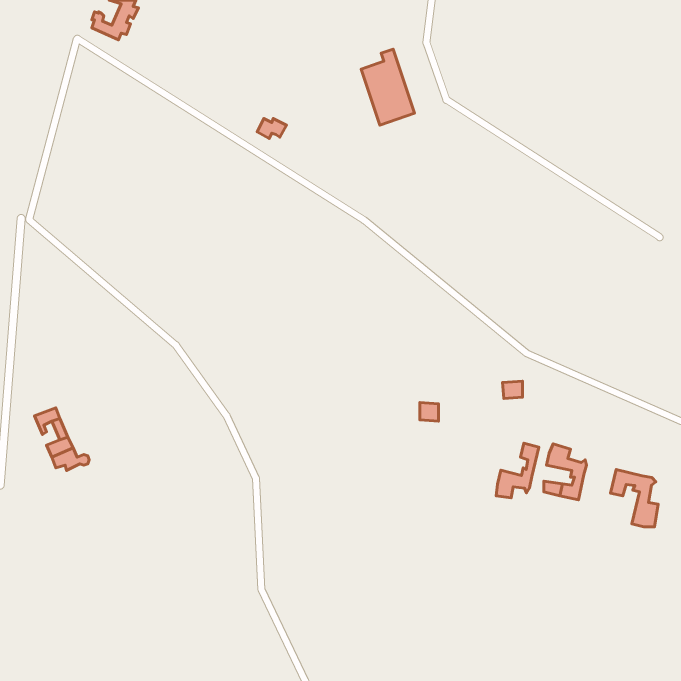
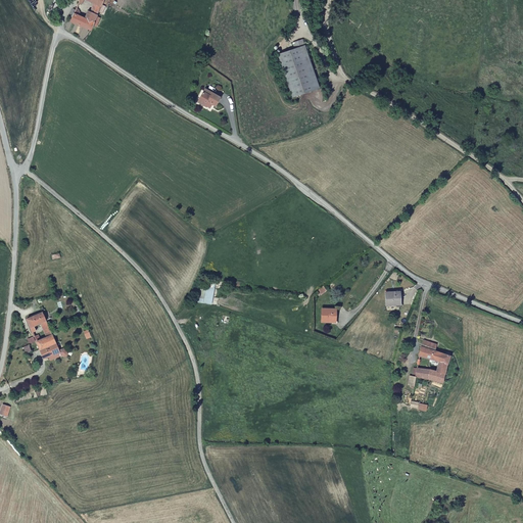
building: [496,443,539,498] -> none
building: [611,469,658,527] -> none

